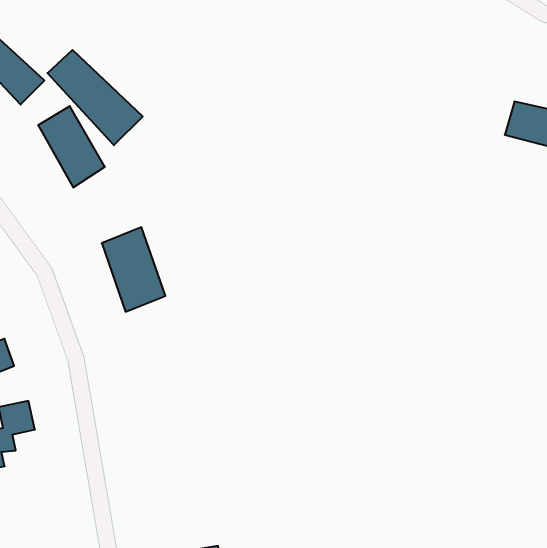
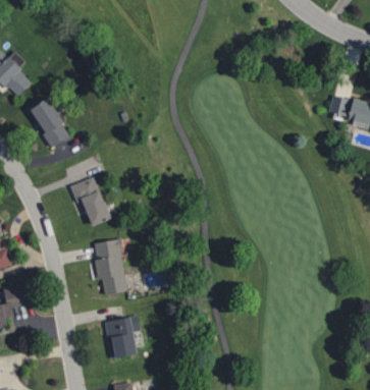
building: [47,50,143,145] -> none
building: none -> [95,238,128,297]
building: none -> [102,316,141,361]

